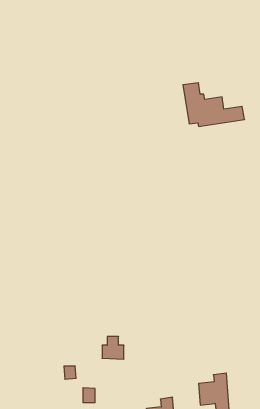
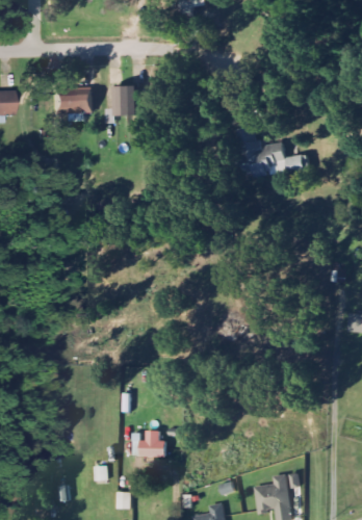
building: none -> [107,85,140,123]
building: none -> [51,95,93,121]

